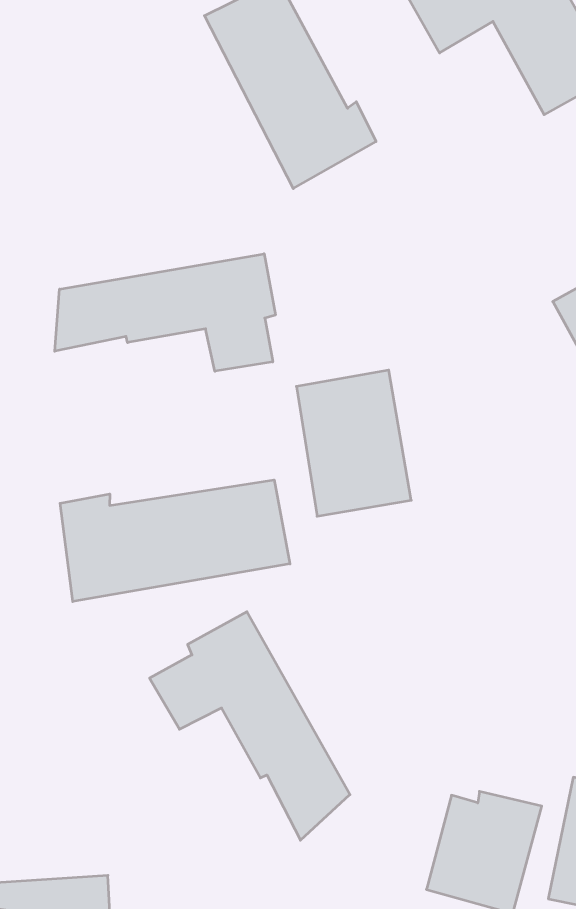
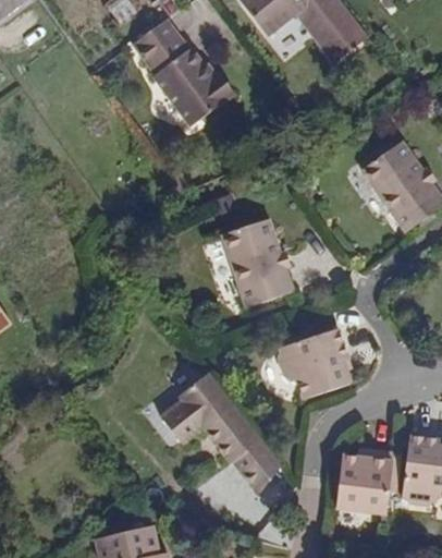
building: [55,254,275,371] -> none
building: [60,480,290,602] -> none
building: none -> [273,328,349,399]

